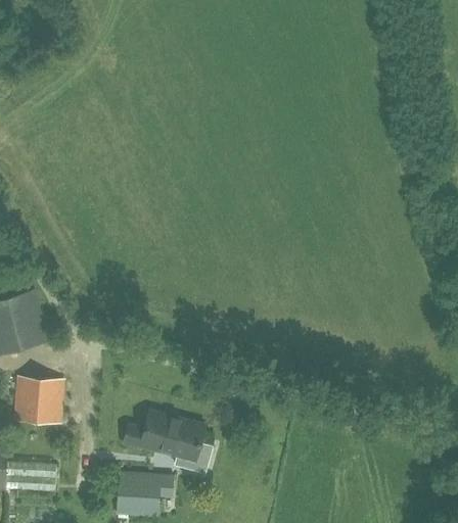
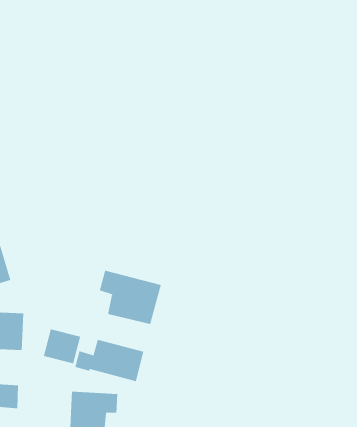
building: none -> [99,270,161,325]
building: none -> [43,328,81,364]

